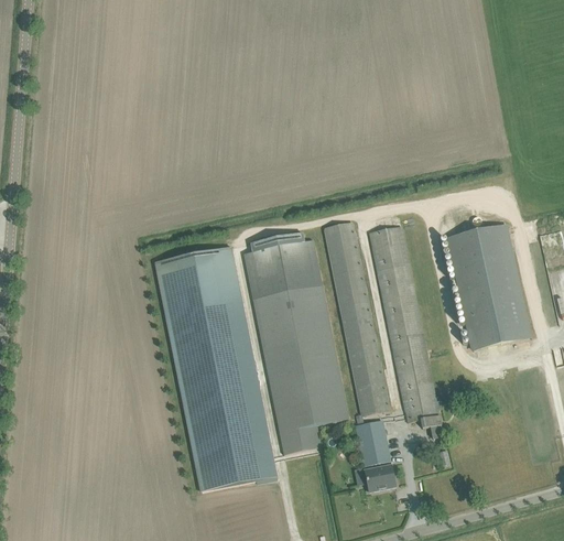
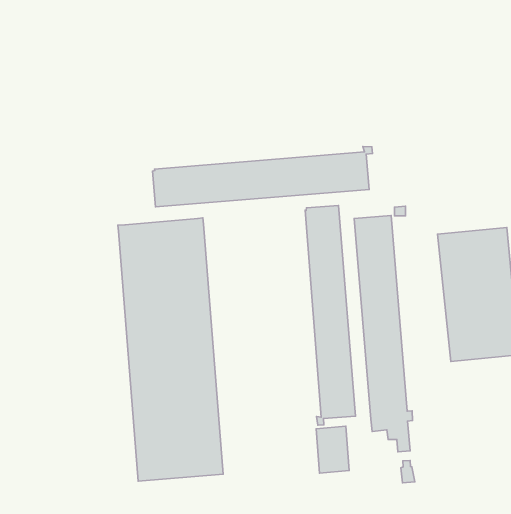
building: none -> [152,147,372,207]
building: [243,232,348,454] -> none
building: [365,464,395,491] -> none

